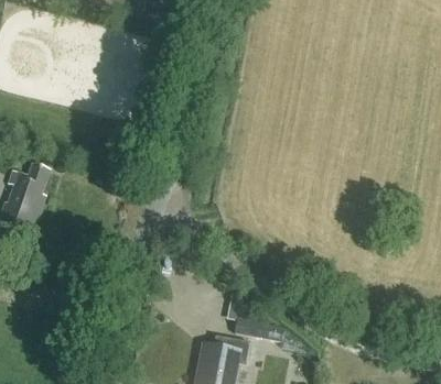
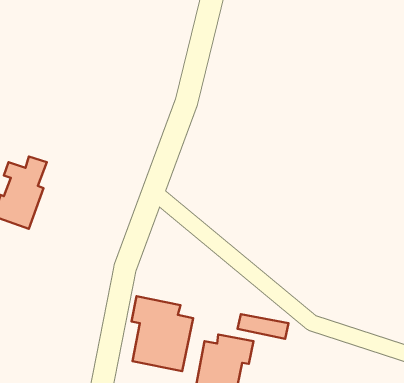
building: none -> [132,296,193,371]

